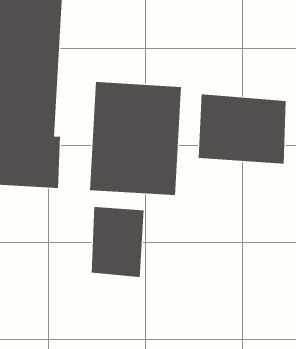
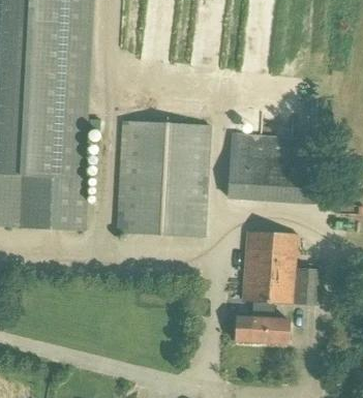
building: none -> [235,231,322,343]
building: [91,206,144,278] -> none

